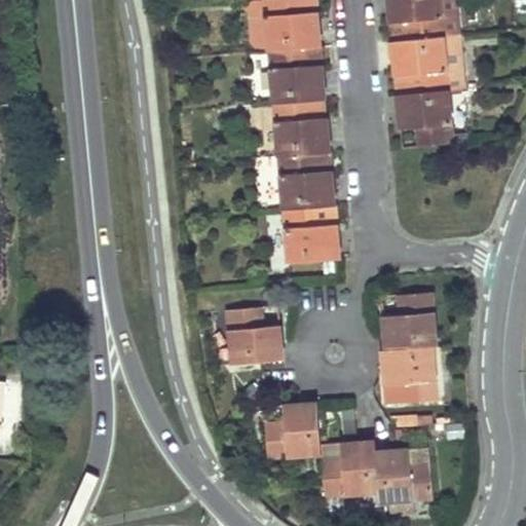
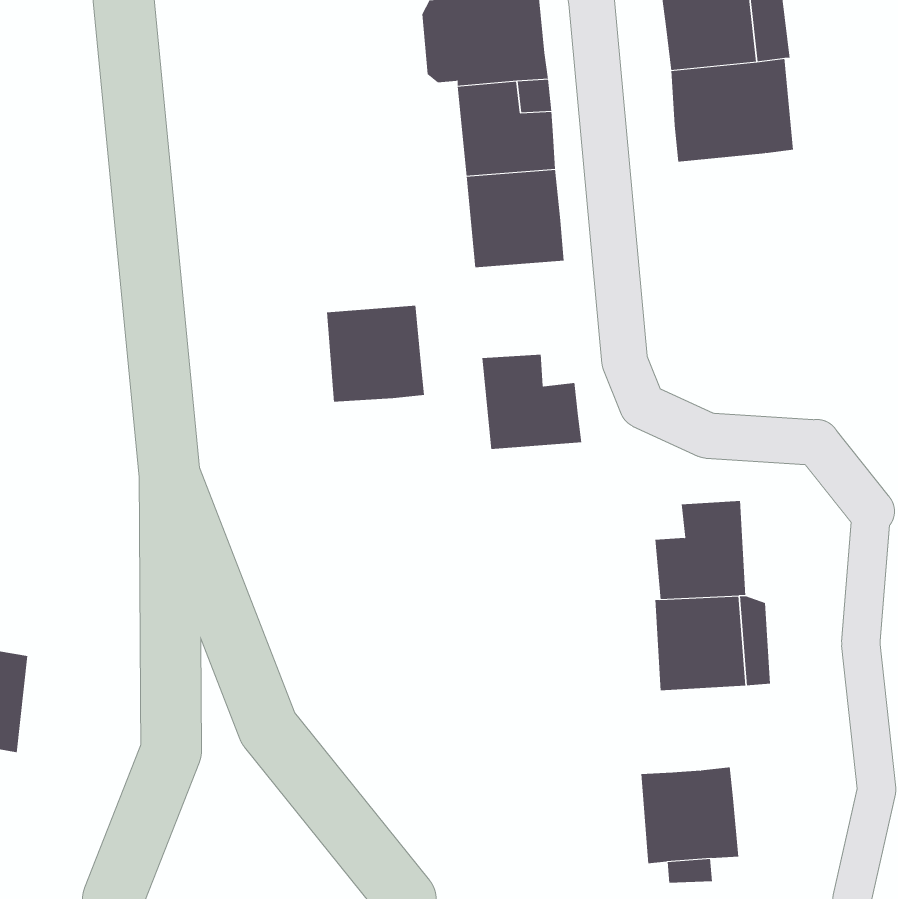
building: [394,89,451,145] -> none
building: [276,152,334,209] -> [326,305,425,402]
building: [225,307,281,364] -> none
building: [263,402,320,458] -> none
building: [321,441,376,495] -> none

